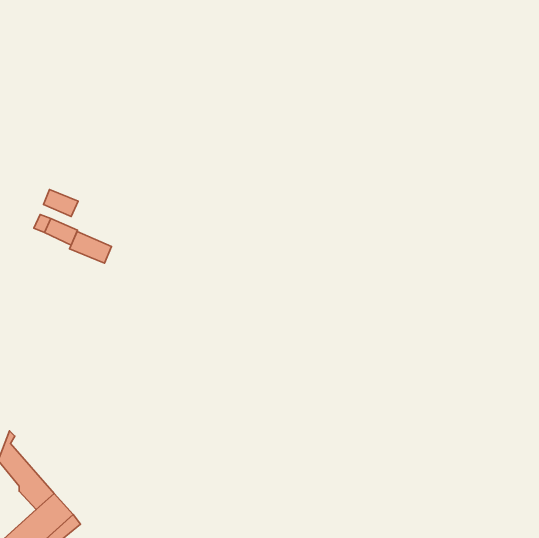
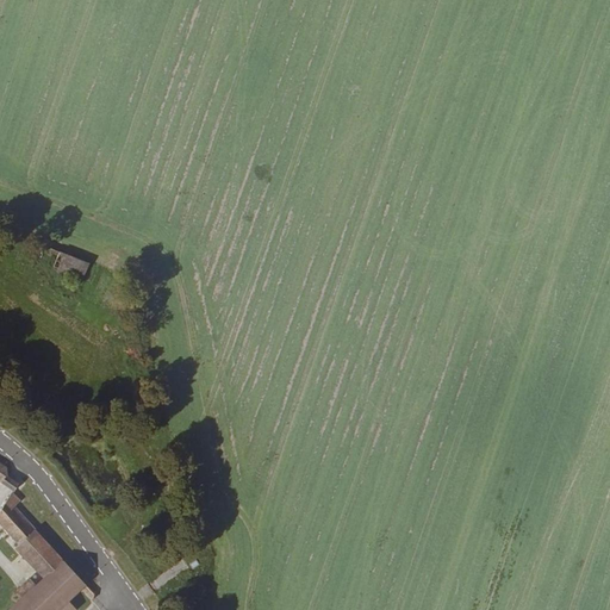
building: [43,190,78,216] -> none
building: [69,231,111,263] -> none

